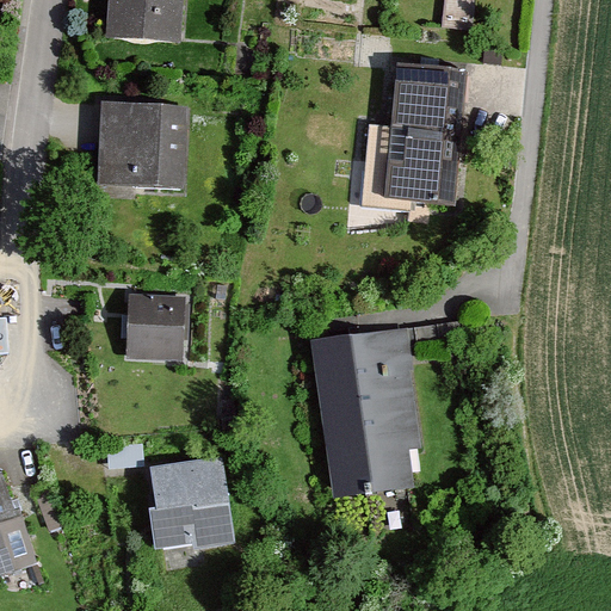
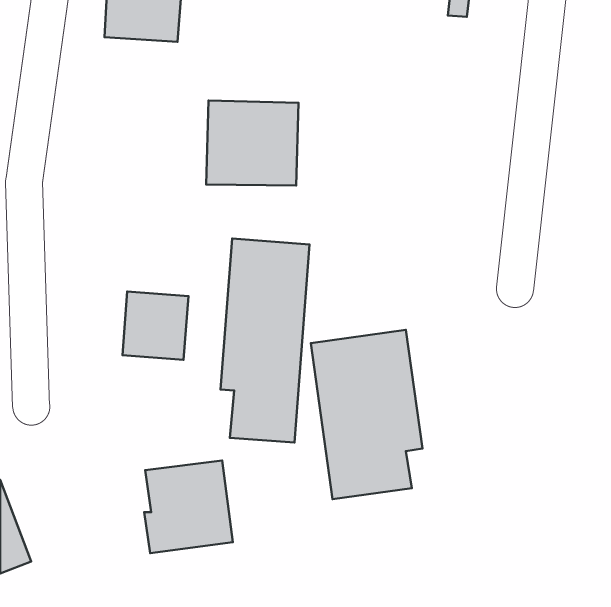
building: [363,66,465,209] -> none
building: [97,105,189,190] -> [206,100,298,186]
building: none -> [221,239,309,443]

